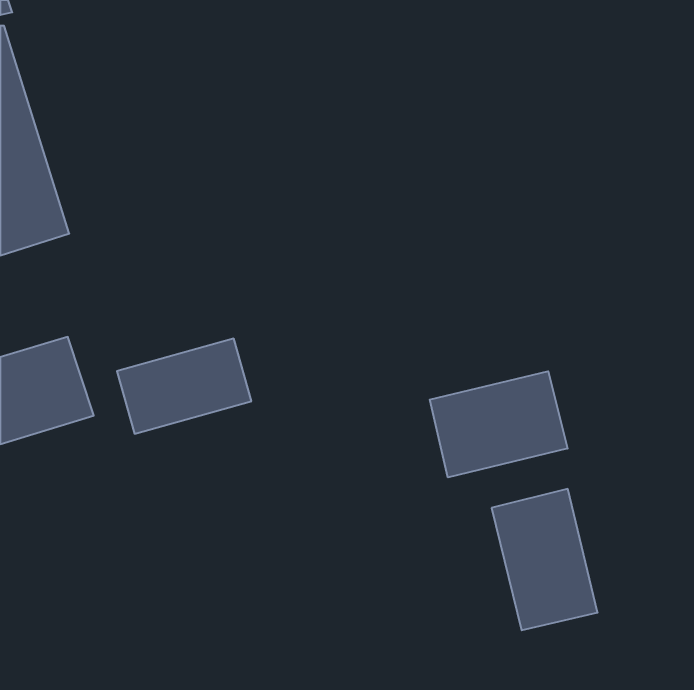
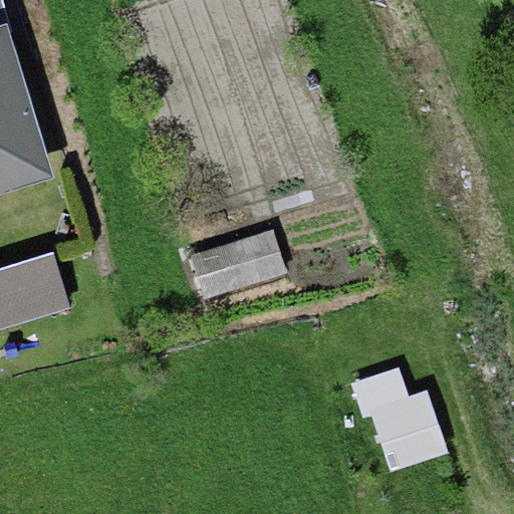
building: [117,339,251,434] -> [196,227,295,297]
building: [430,371,568,477] -> none

